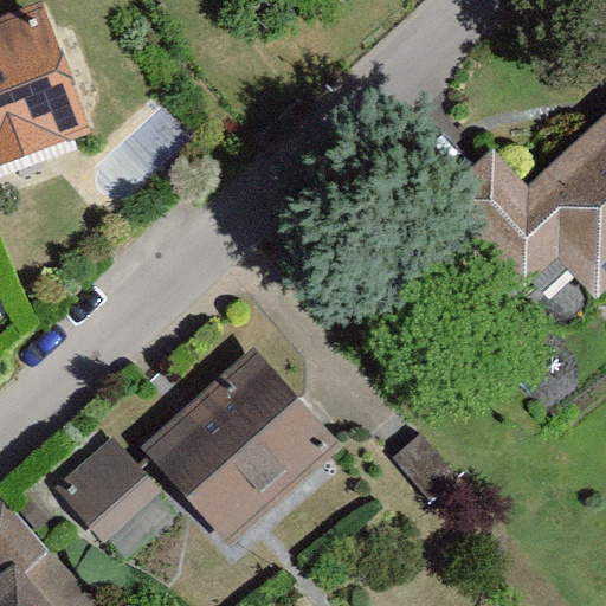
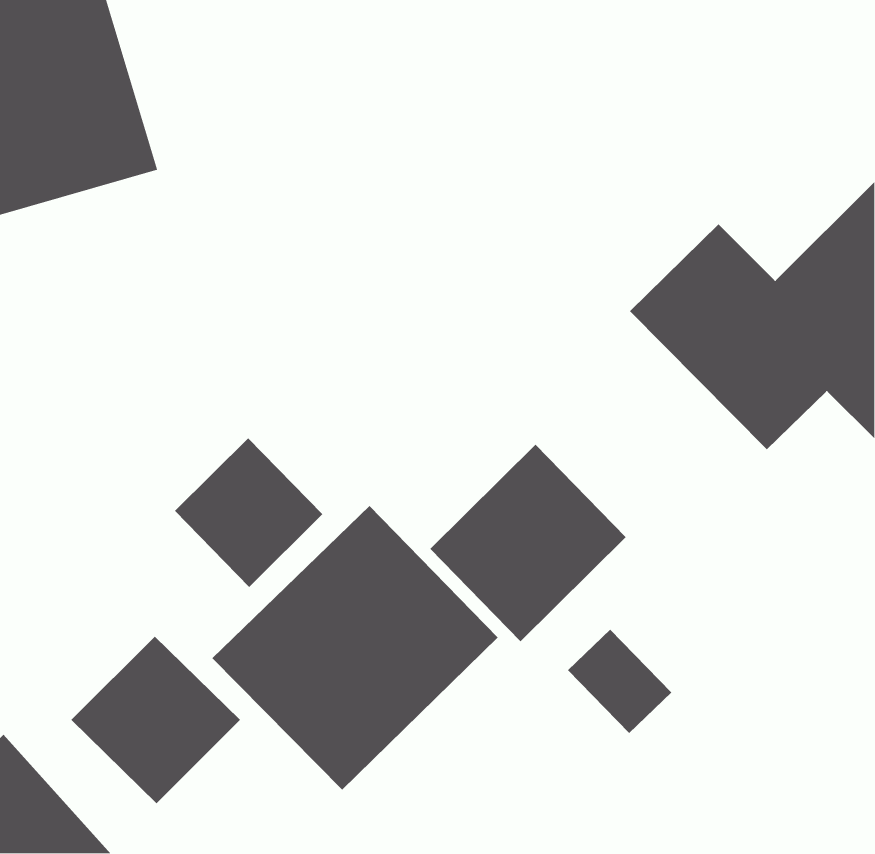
building: none -> [174,437,323,588]
building: none -> [429,444,626,642]

